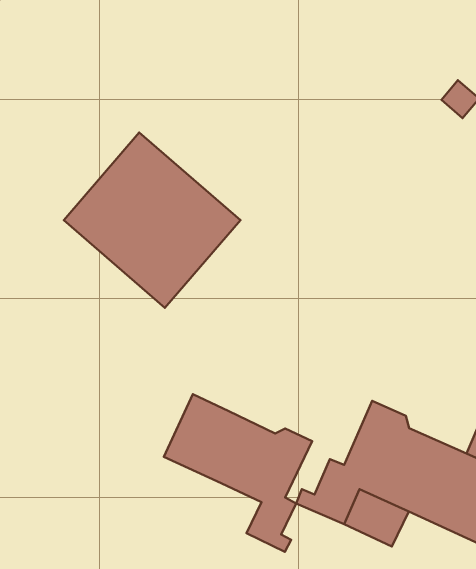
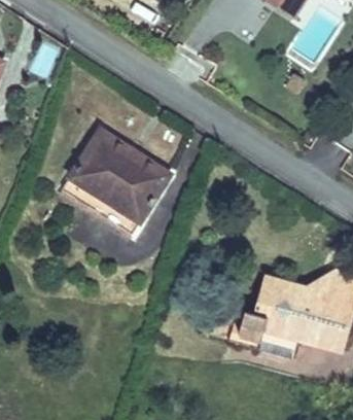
building: [164,394,312,552] -> none

